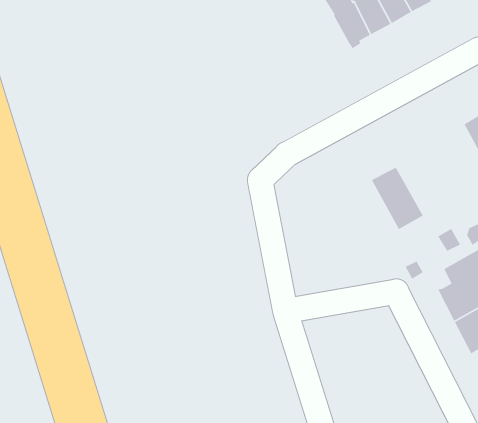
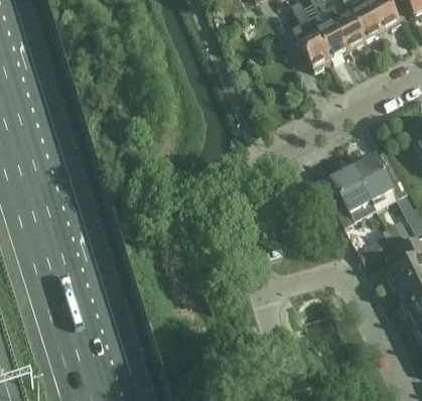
building: none -> [351,154,408,202]

